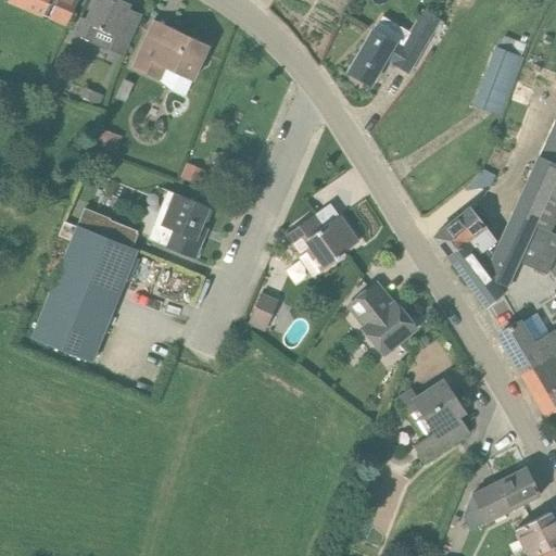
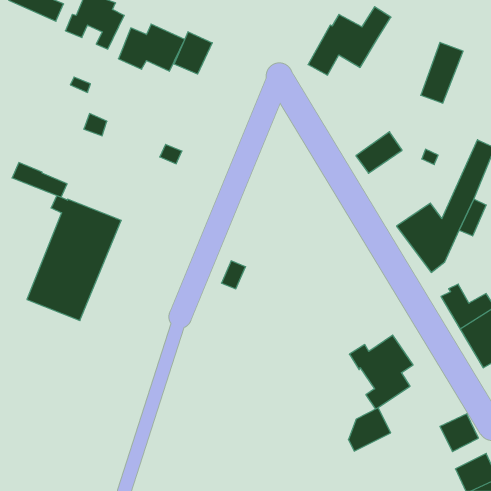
building: none -> [174,32,212,74]
building: [148,189,210,258] -> none
building: [77,207,139,247] -> [12,163,67,197]
building: [285,207,358,270] -> none
building: [434,208,486,255] -> [356,132,402,173]
building: [349,282,416,354] -> none
building: [464,481,511,530] -> [348,408,391,451]

